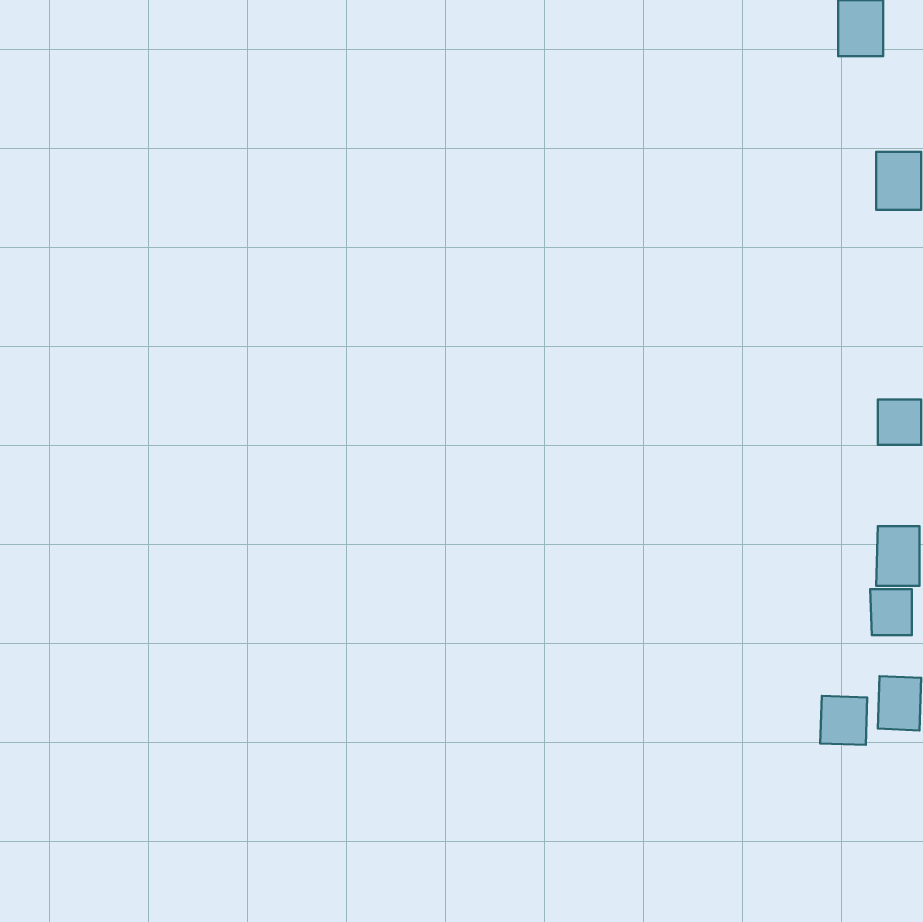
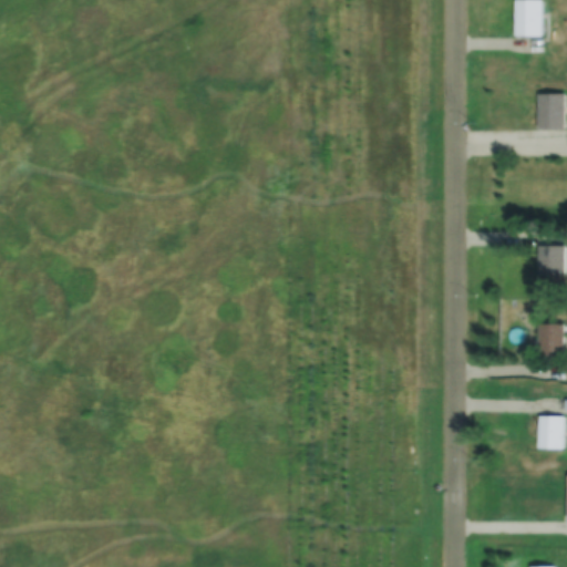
building: [870,589,912,635] -> none
building: [820,696,867,745] -> none

